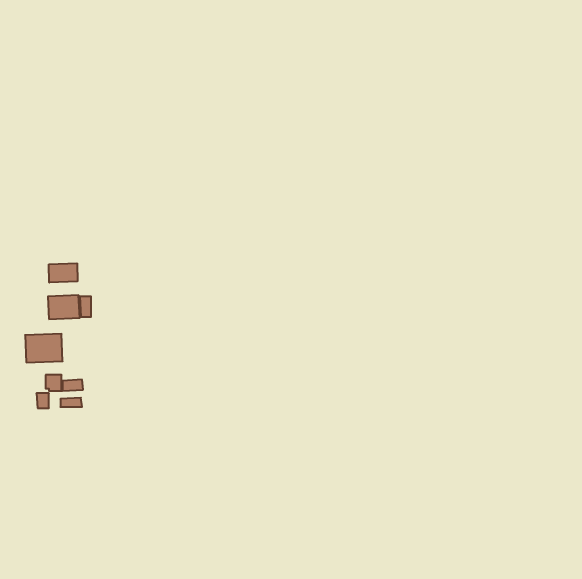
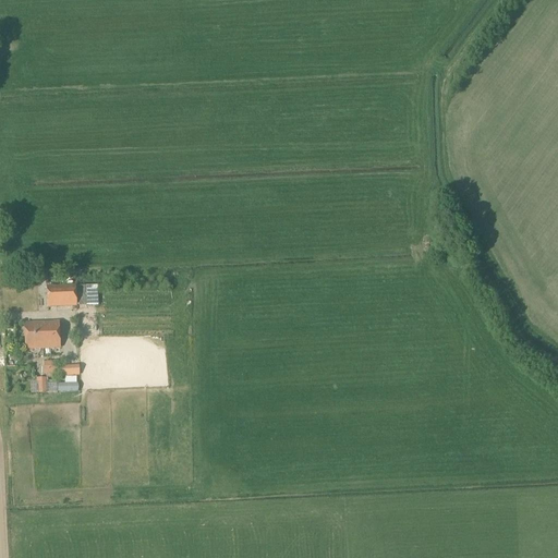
building: [49,263,77,283] -> none

